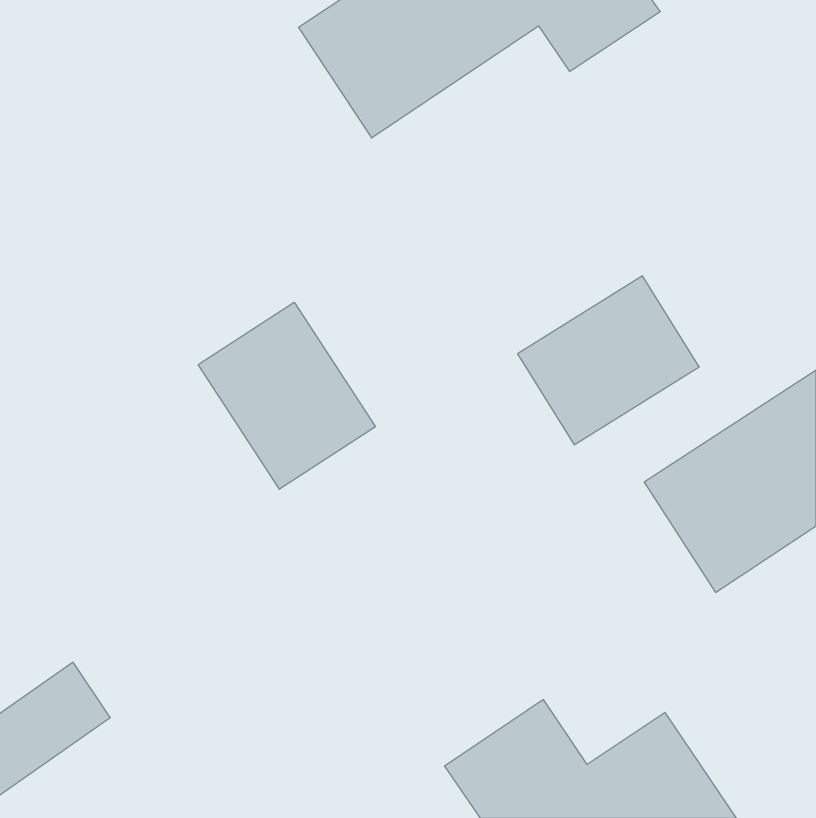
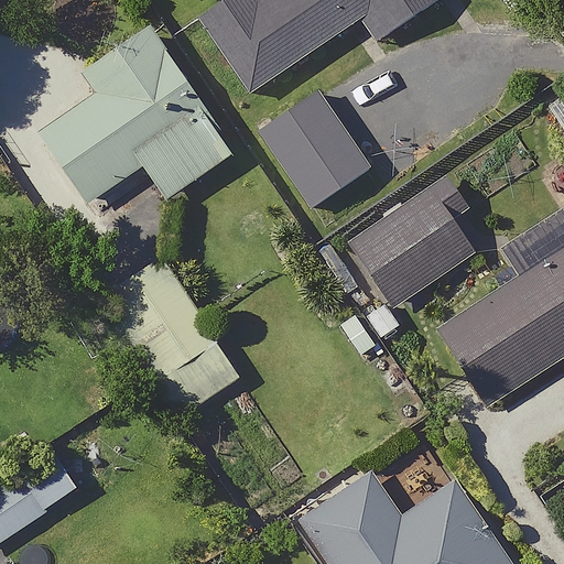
building: none -> [39,28,235,204]
building: none -> [261,95,376,218]
building: [198,302,375,489] -> none

